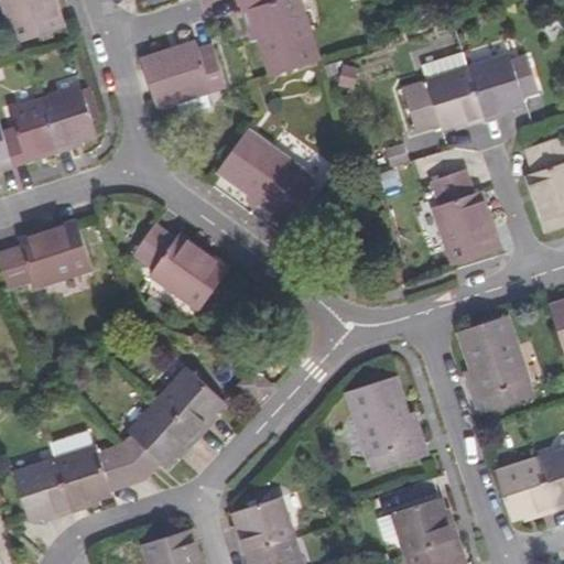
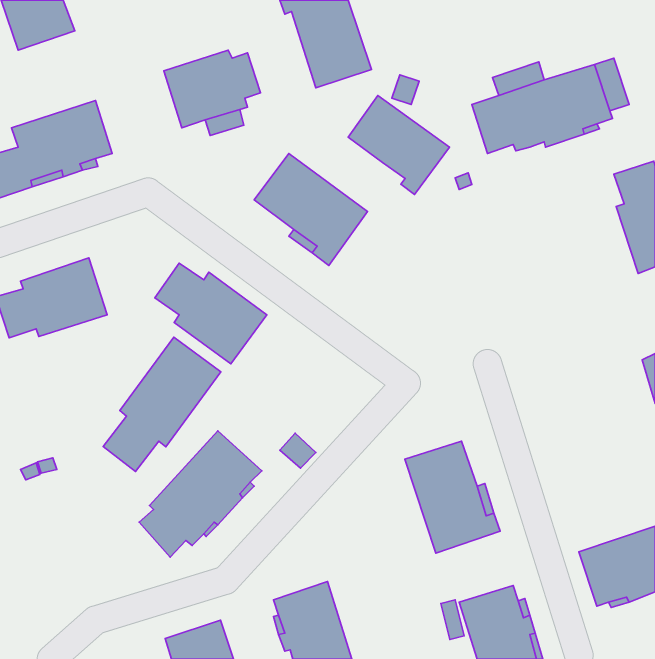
building: none -> [348,95,449,194]
building: [430,171,500,265] -> none
building: none -> [103,337,221,472]
building: [457,316,531,413] -> none
building: [12,446,145,520] -> none

